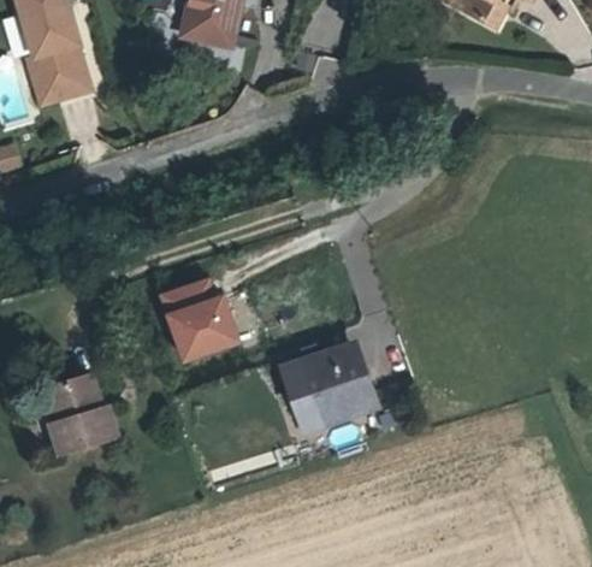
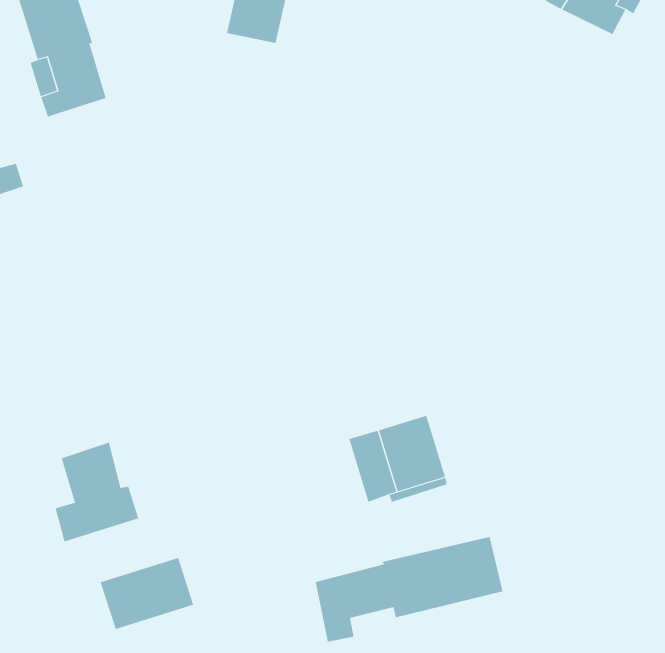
building: [161,277,237,358] -> none
building: none -> [315,536,503,643]
building: none -> [100,557,194,630]

